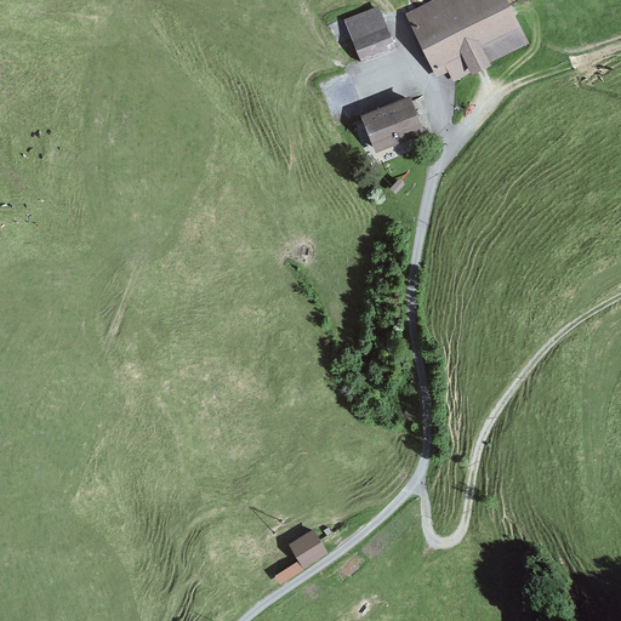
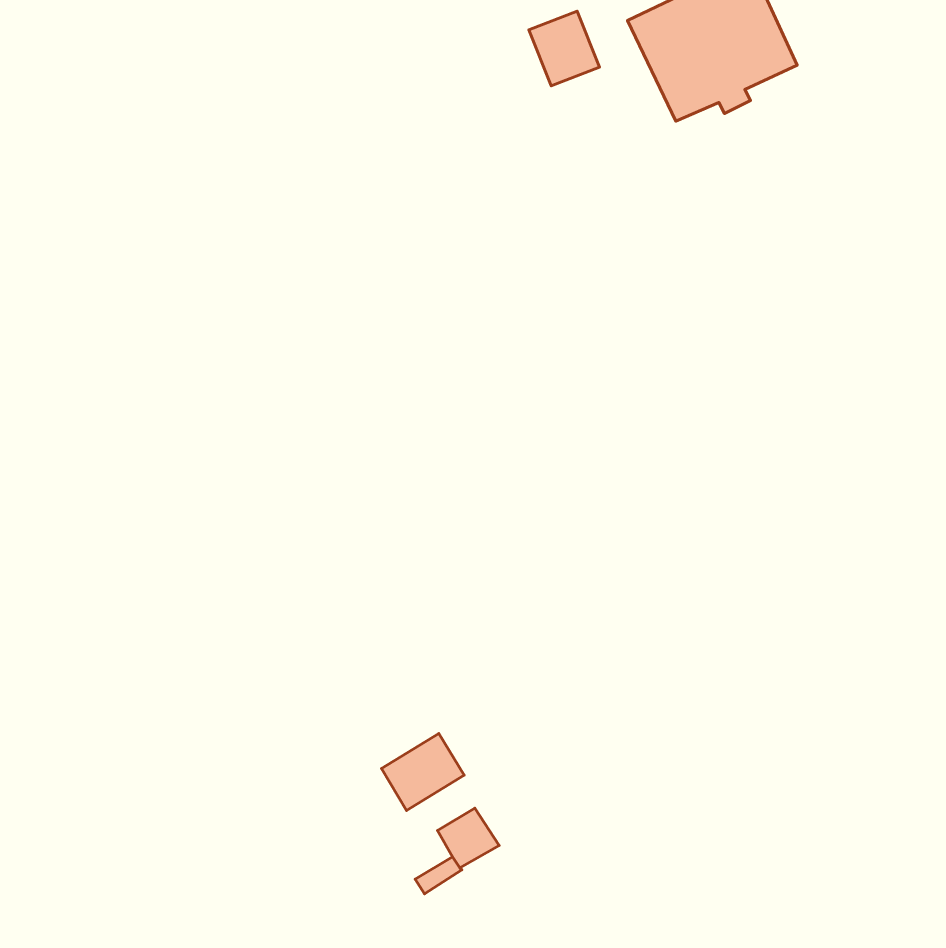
building: [363,98,421,149] -> none
building: none -> [381,733,464,810]

